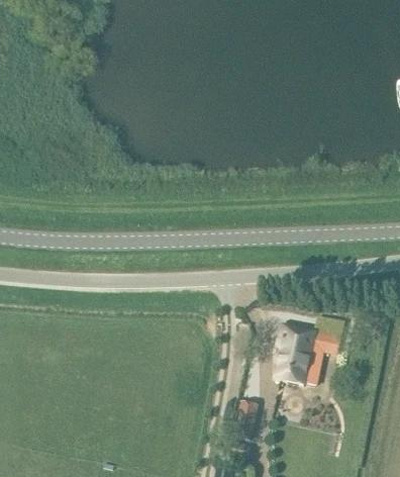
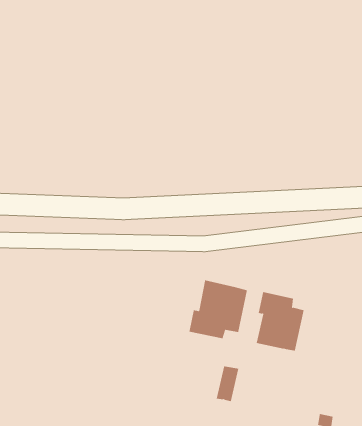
building: none -> [189,280,248,339]

